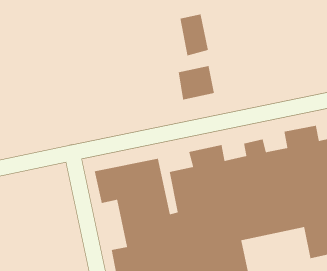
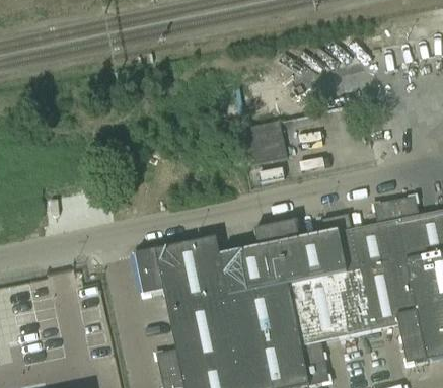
building: [180,14,209,56] -> none

